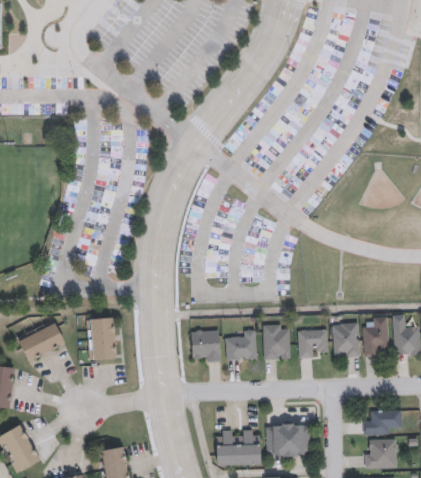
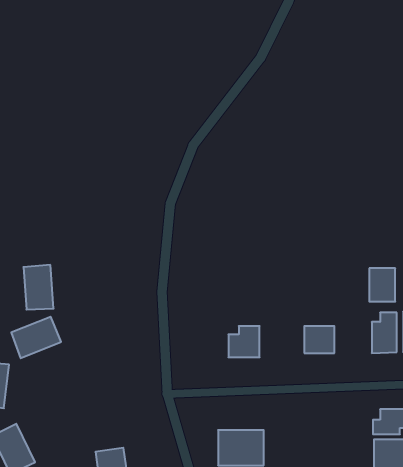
building: [88,317,117,360] -> [23,265,54,310]
building: [264,324,290,358] -> none
building: [334,324,359,356] -> [369,268,395,302]
building: [192,330,220,362] -> none
building: [266,424,310,456] -> none

